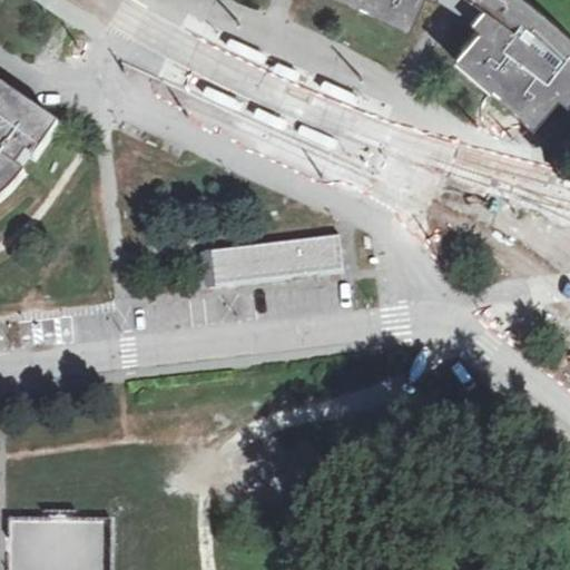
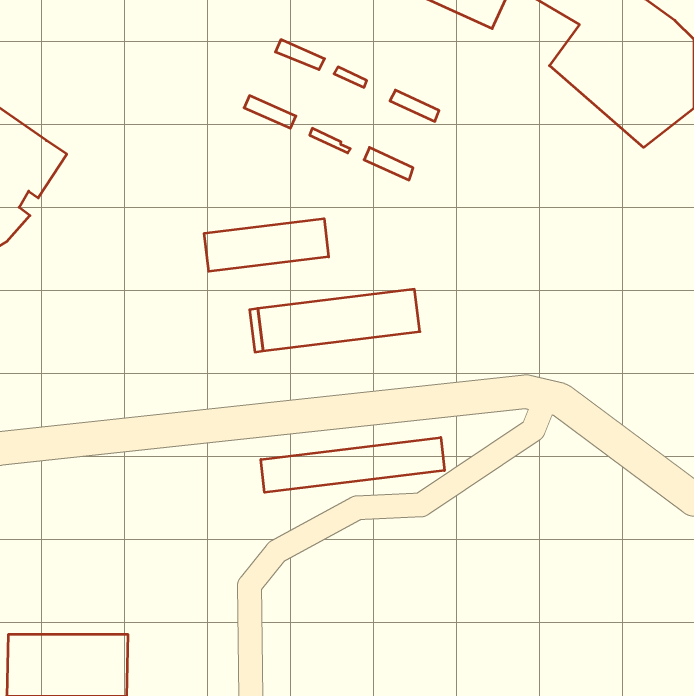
building: none -> [204,219,329,271]
building: none -> [261,437,444,492]

